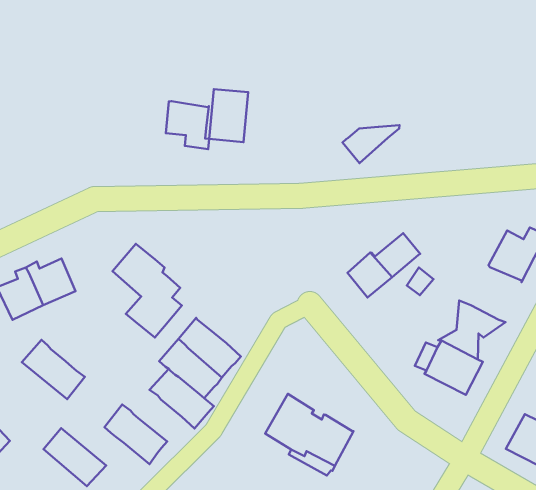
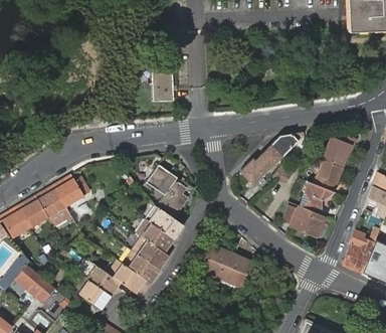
building: [166,101,209,149] -> none
building: [342,125,399,163] -> [270,133,303,157]
building: [112,244,182,337] -> [146,166,188,219]
building: none -> [314,161,342,191]
building: [22,340,85,399] -> [82,264,120,297]
building: none -> [123,251,160,284]

